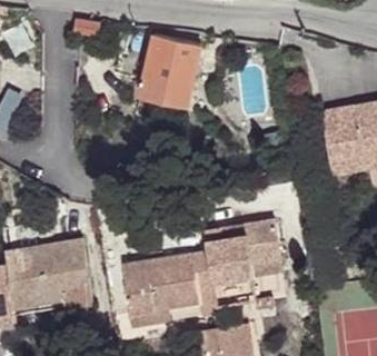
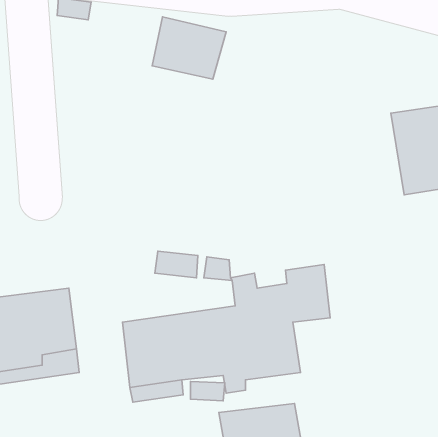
building: [138,72,189,106] -> none

